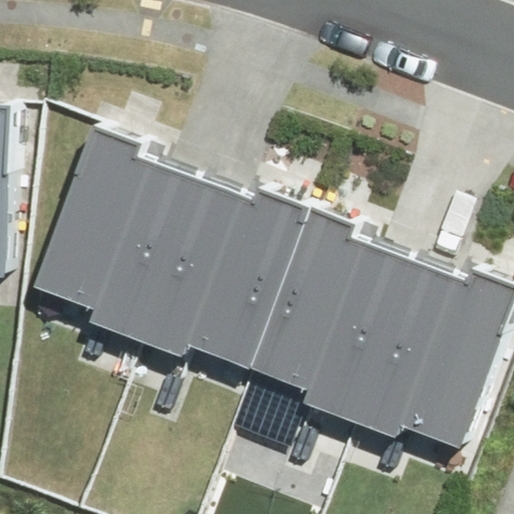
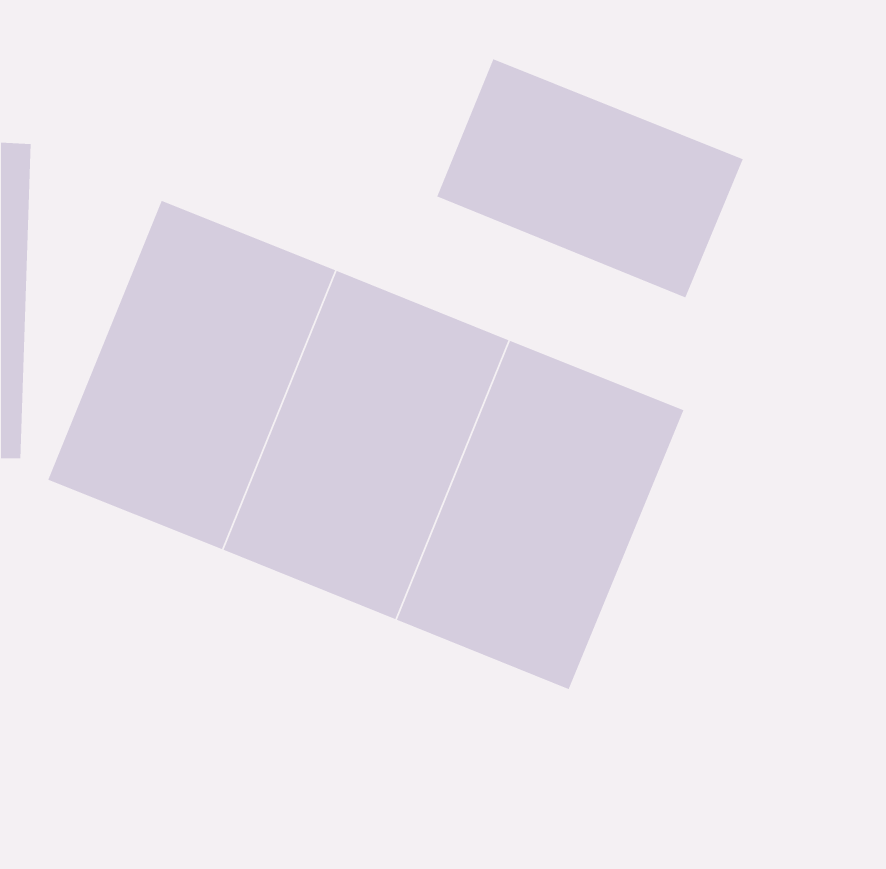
building: none -> [436,58,744,299]
building: [331,250,497,451] -> none

